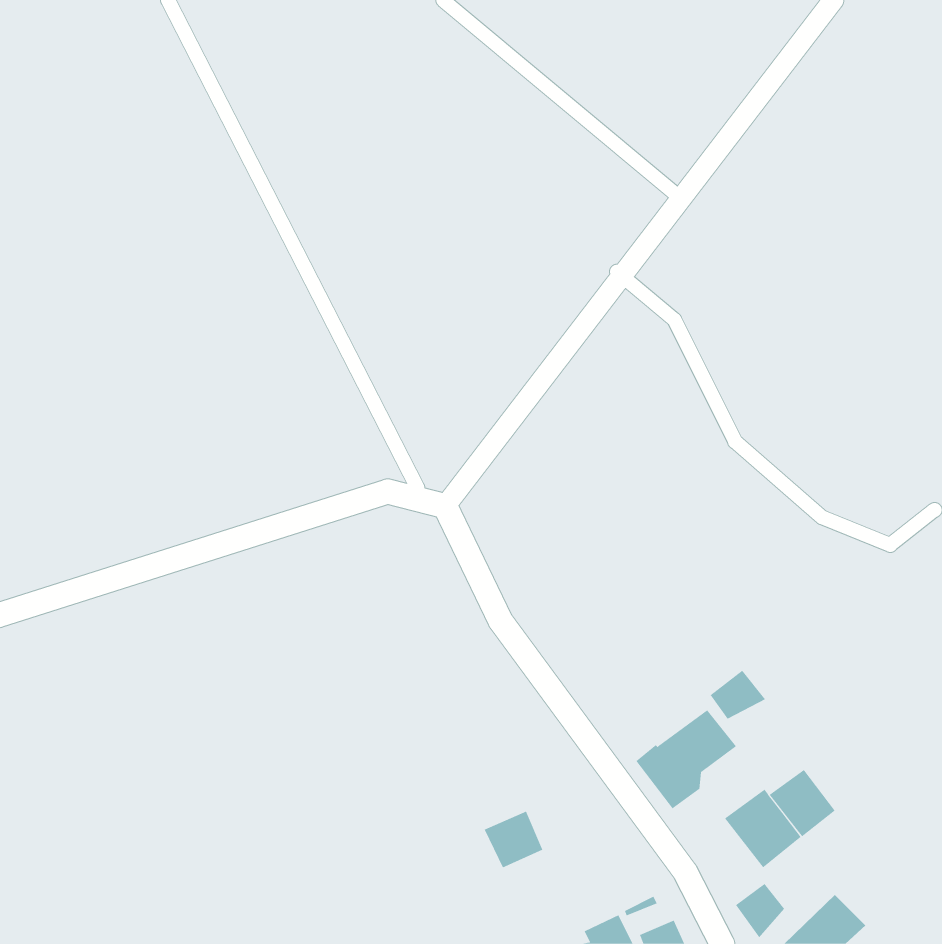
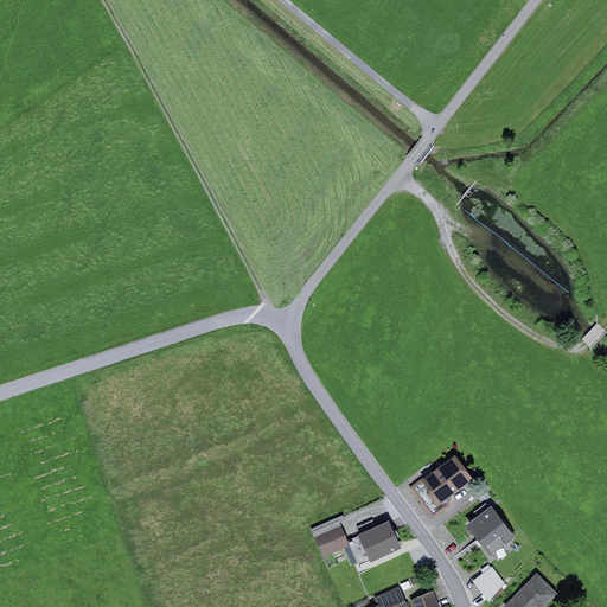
building: [710,670,766,719] -> none
building: [769,769,835,837] -> none
building: none -> [347,520,402,564]

